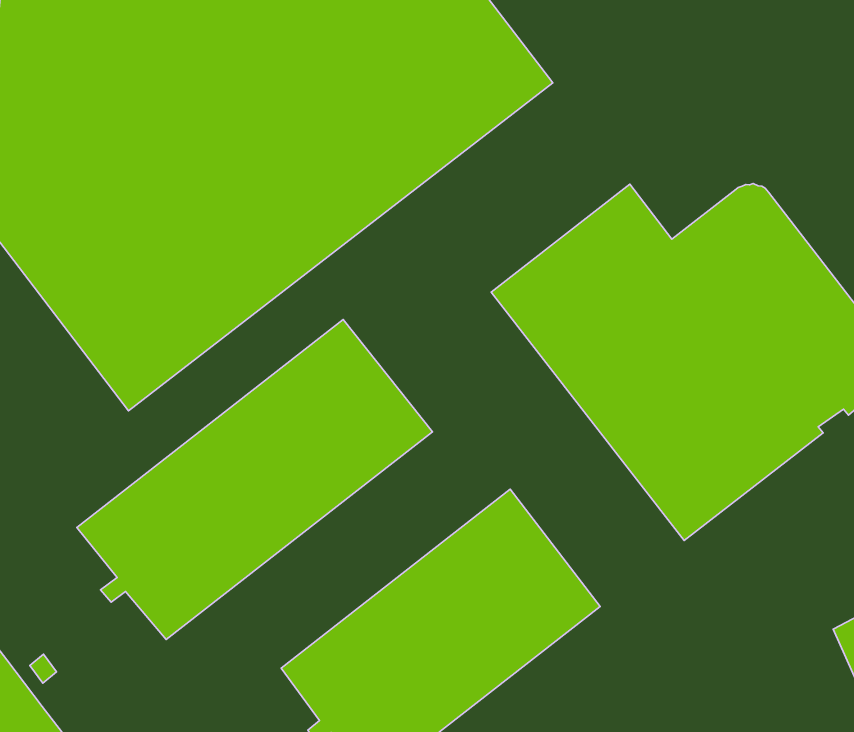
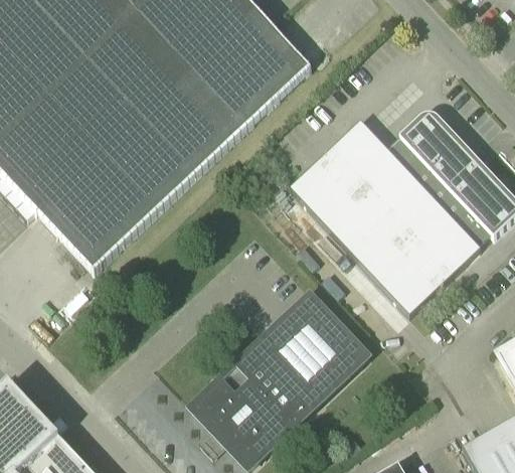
building: [77,320,432,640] -> none

